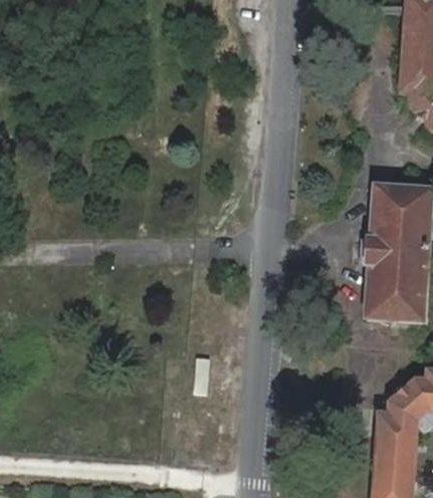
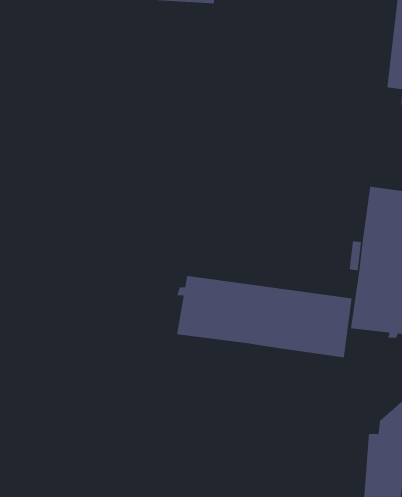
building: none -> [177,275,352,358]

